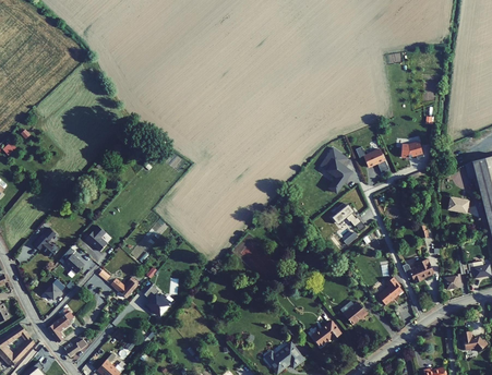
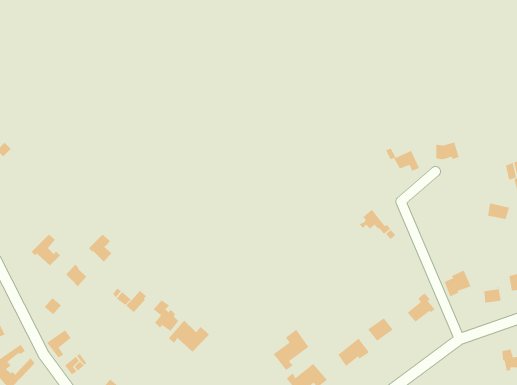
building: [321,148,348,193] -> none
building: none -> [168,320,210,353]
building: none -> [273,329,309,371]

